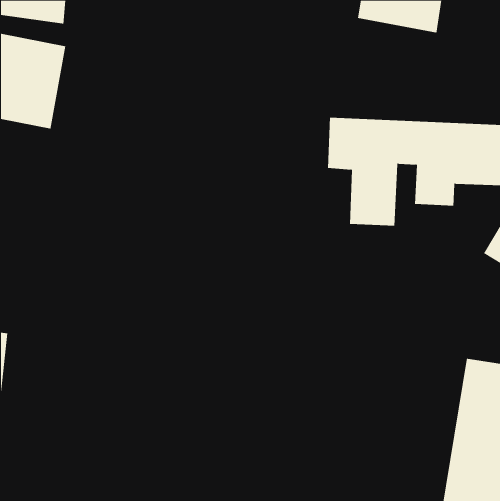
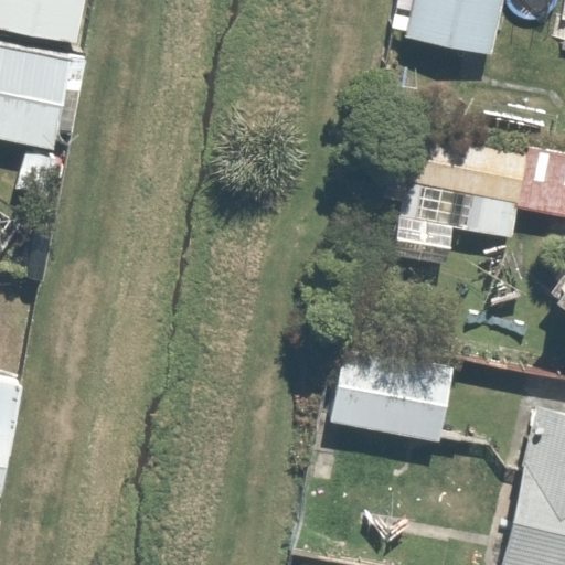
building: none -> [330,343,455,444]

